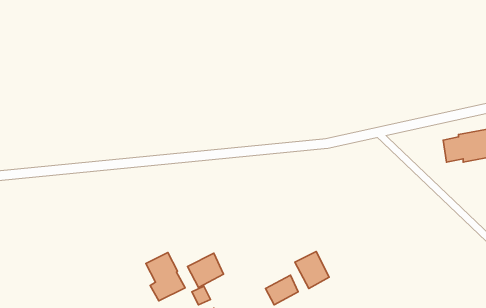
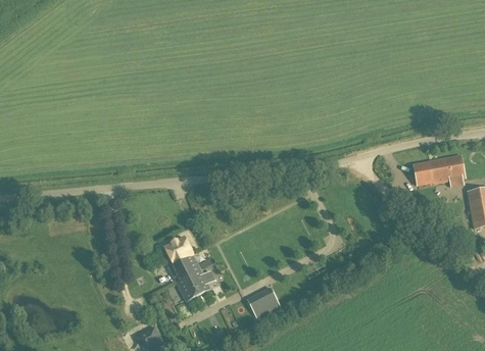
building: [295,252,329,288] -> none
building: [146,253,185,301] -> [164,237,201,282]

